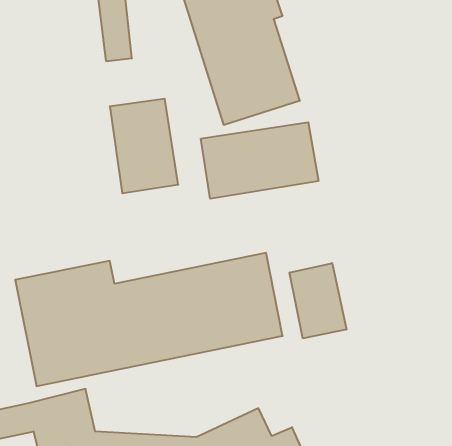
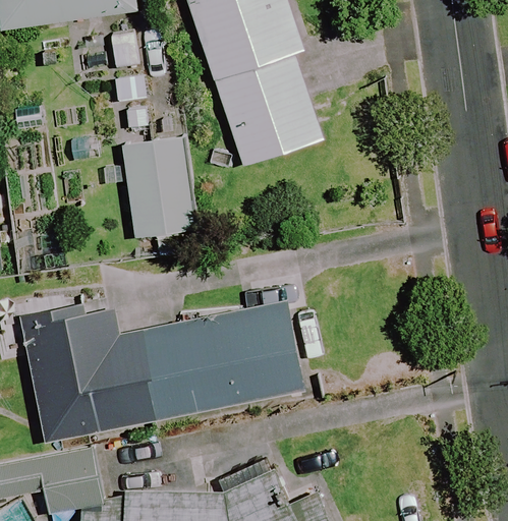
building: [201,122,318,199] -> none
building: [290,263,346,338] -> none

